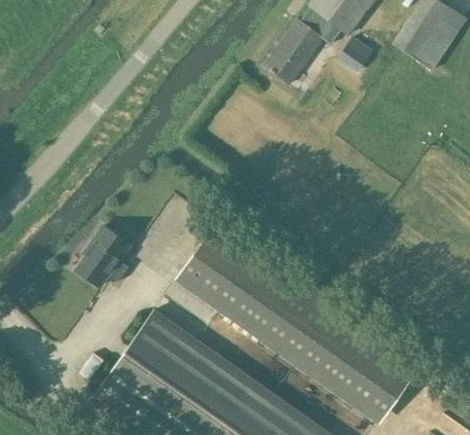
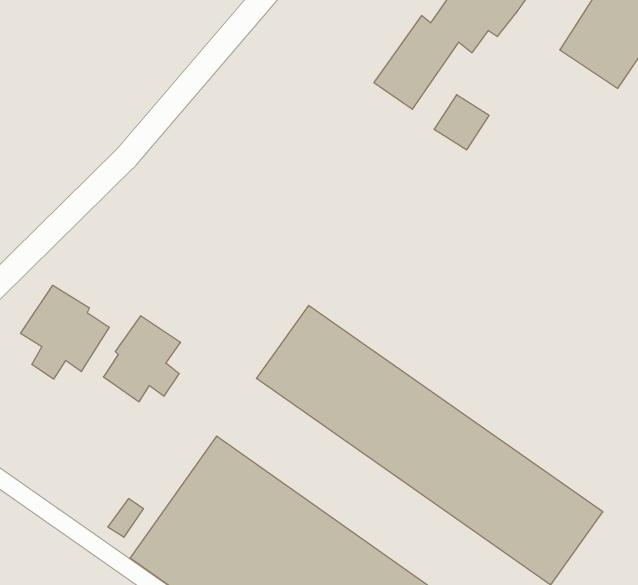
building: [333,38,371,76] -> [434,95,489,150]
building: none -> [21,285,109,379]

